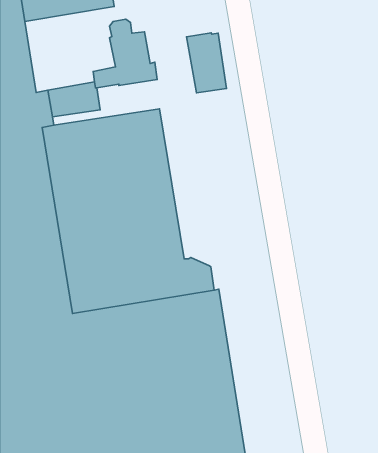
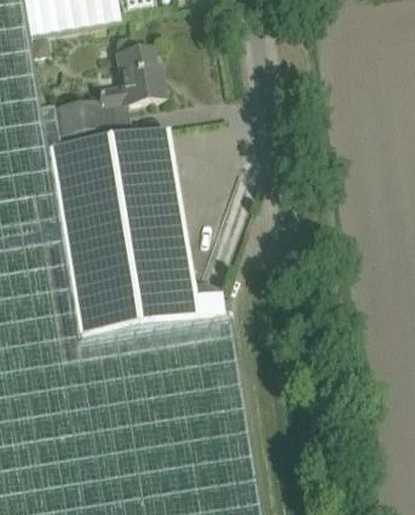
building: [187,33,227,93] -> none

